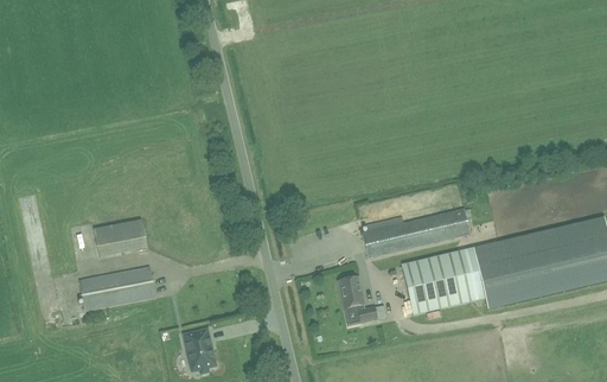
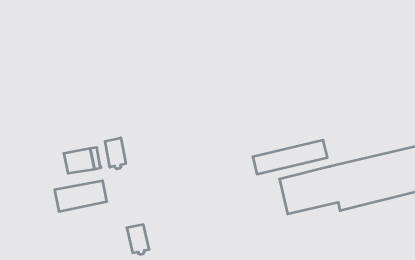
building: none -> [105,138,126,169]
building: [338,275,378,321] -> none

